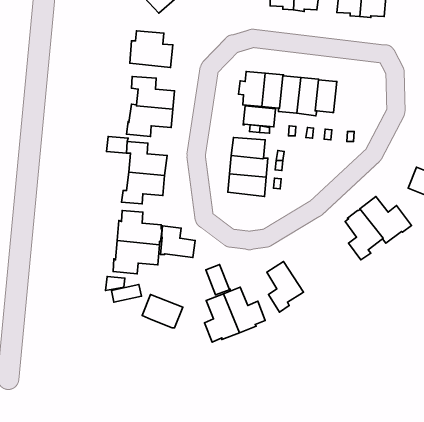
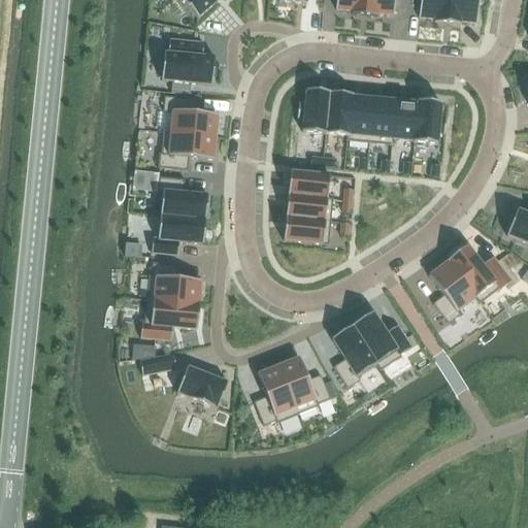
building: none -> [414,99,447,143]
building: [243,106,276,127] -> none
building: [161,226,195,258] -> none
building: none -> [353,310,411,369]
building: [206,265,230,295] -> none

